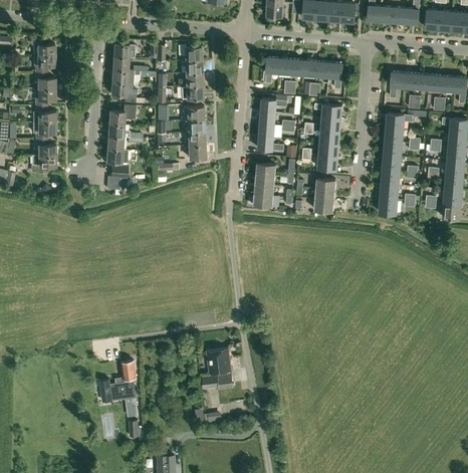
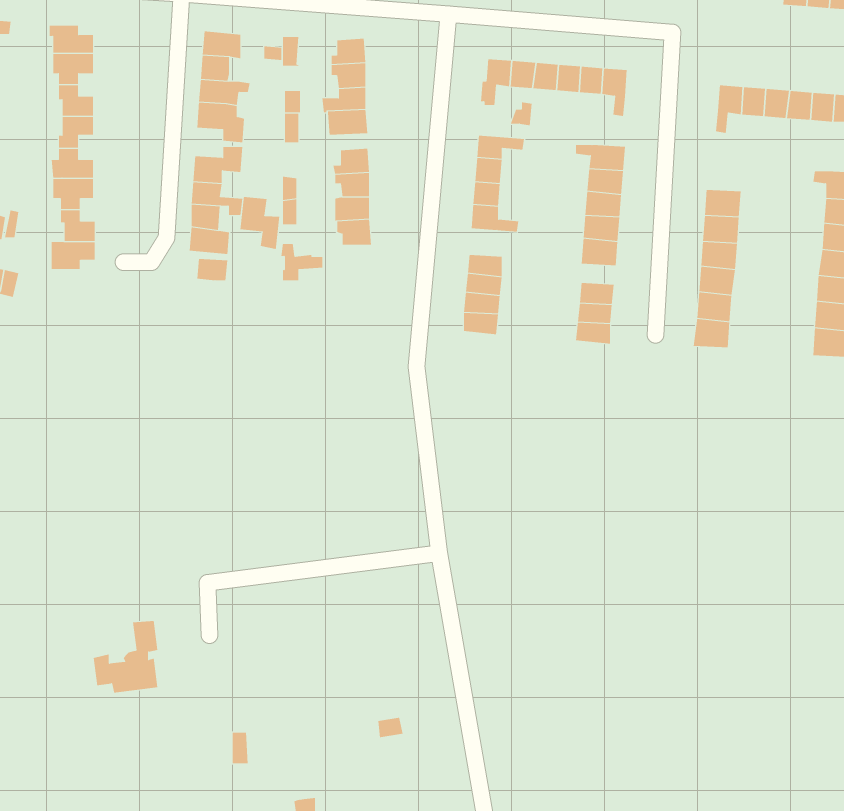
building: [385,110,427,130] -> none
building: none -> [240,196,280,250]
building: [202,348,233,390] -> none
building: [100,362,136,401] -> [93,620,158,693]

